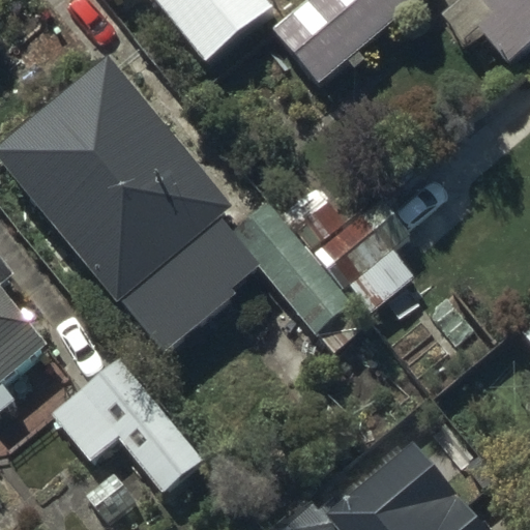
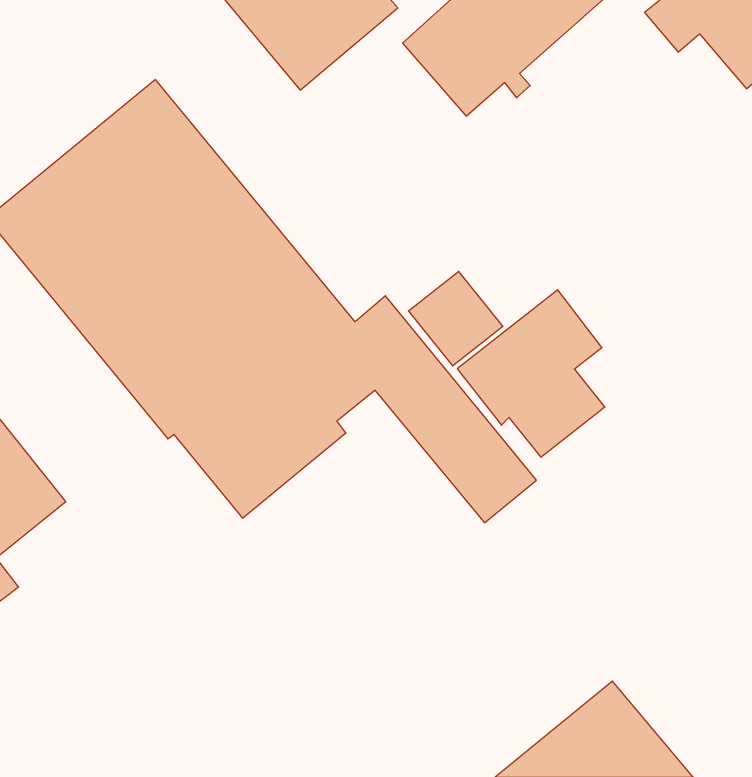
building: [51,355,203,492] -> none

